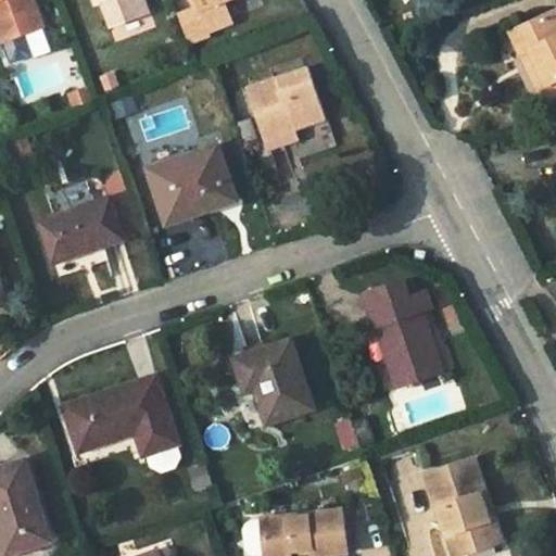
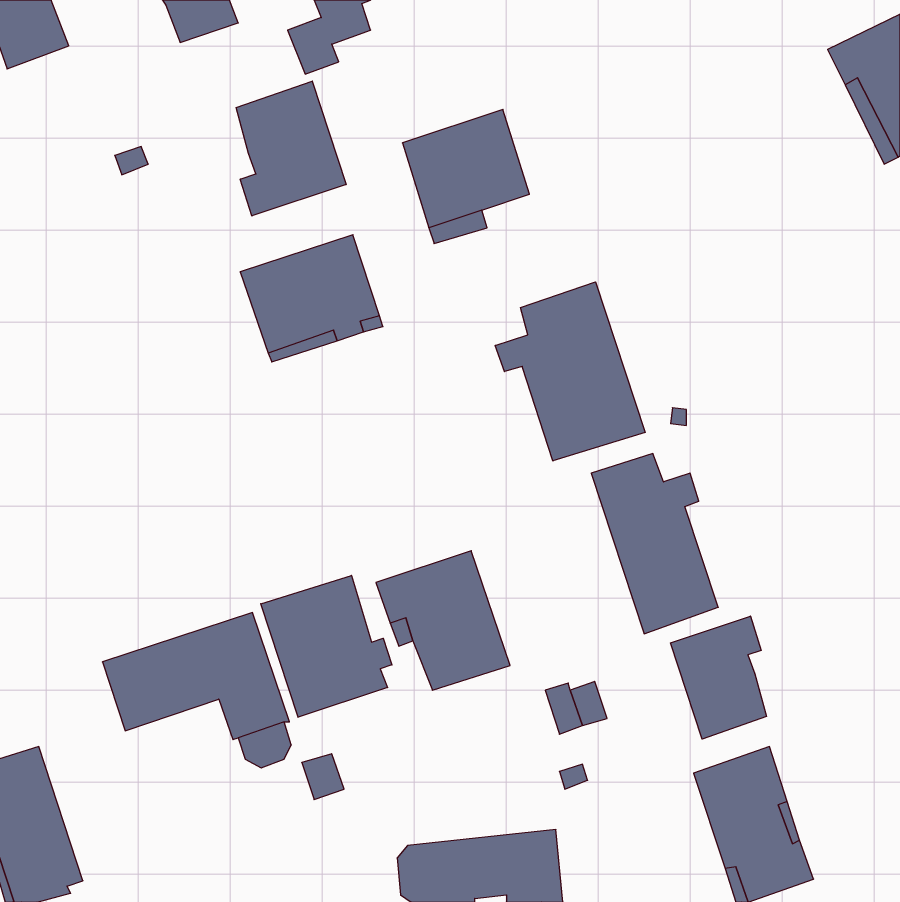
building: none -> [236,81,346,216]
building: none -> [495,282,645,461]
building: [41,199,122,261] -> none
building: none -> [261,575,392,717]
building: none -> [670,616,767,739]

